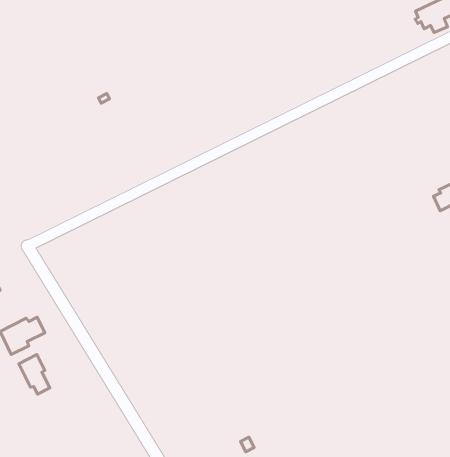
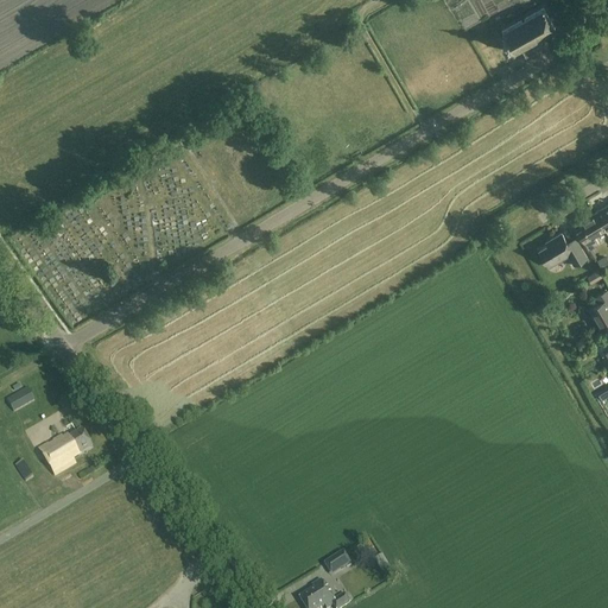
building: [19,355,50,394] -> none

